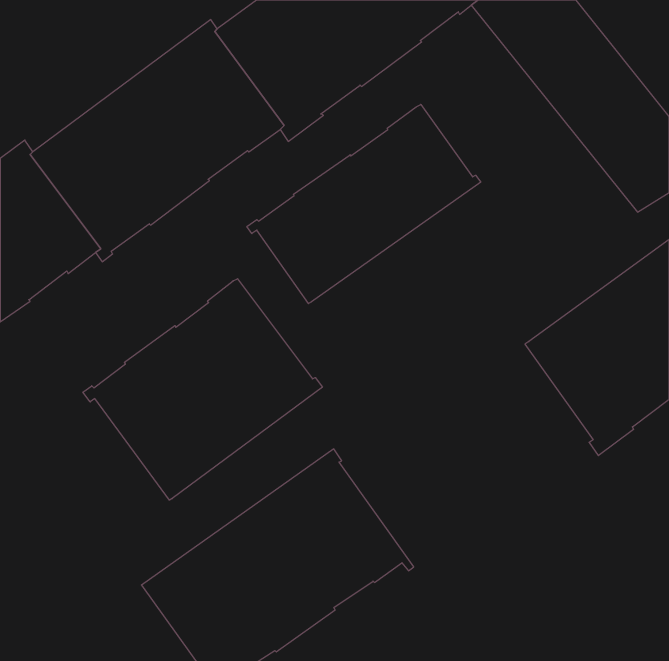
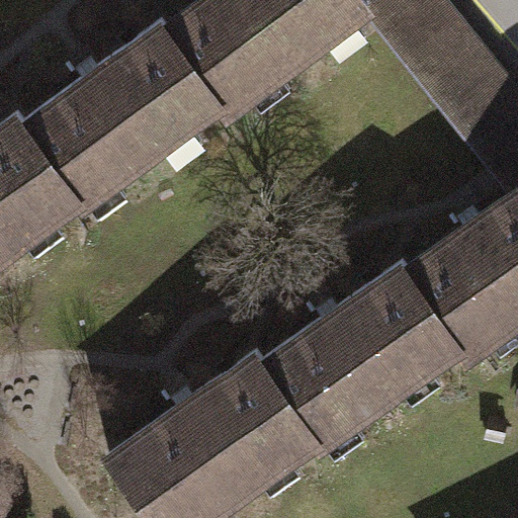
building: [247,104,481,304] -> none
building: [83,279,322,500] -> none
building: none -> [262,263,458,444]

